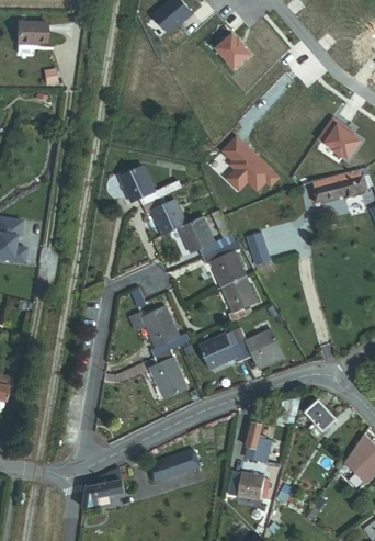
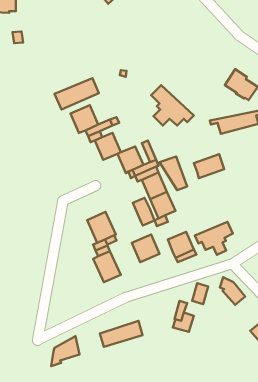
building: [216,34,251,69] -> none
building: none -> [55,78,99,109]
building: none -> [194,154,224,178]
building: none -> [195,222,233,255]
building: [223,327,251,363] -> [133,198,155,226]
building: [235,469,272,498] -> none

